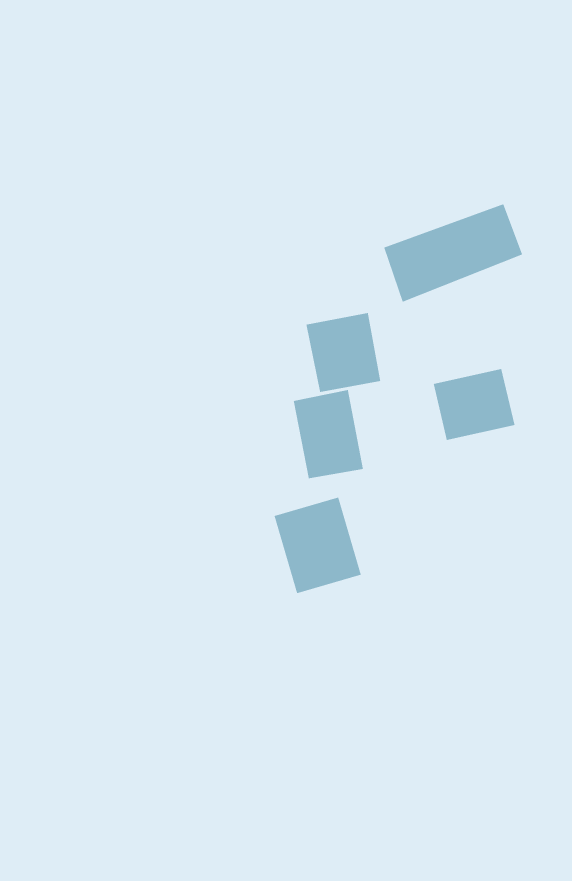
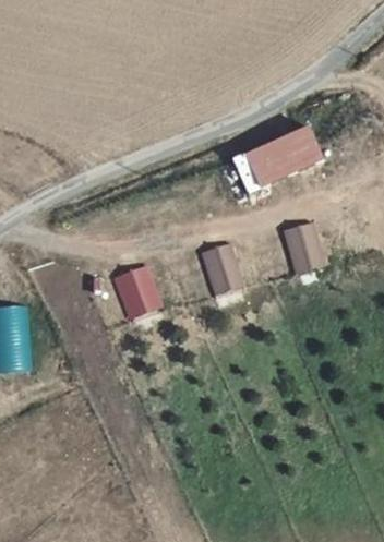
building: [306,312,381,393] -> none
building: [273,496,362,594] -> [111,262,161,317]

